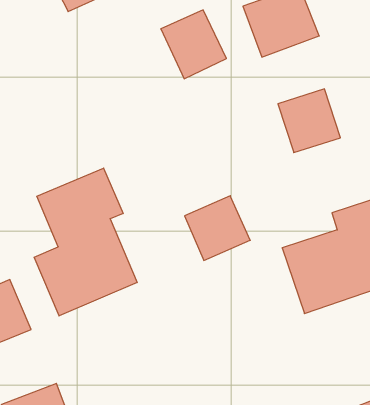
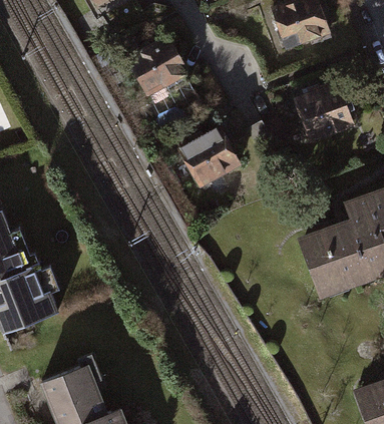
building: [161,10,226,79] -> [127,36,189,101]
building: [34,168,137,316] -> none
building: [185,196,250,260] -> [179,129,242,190]

